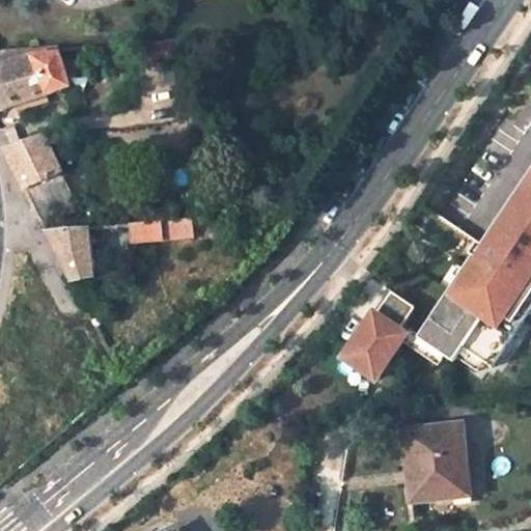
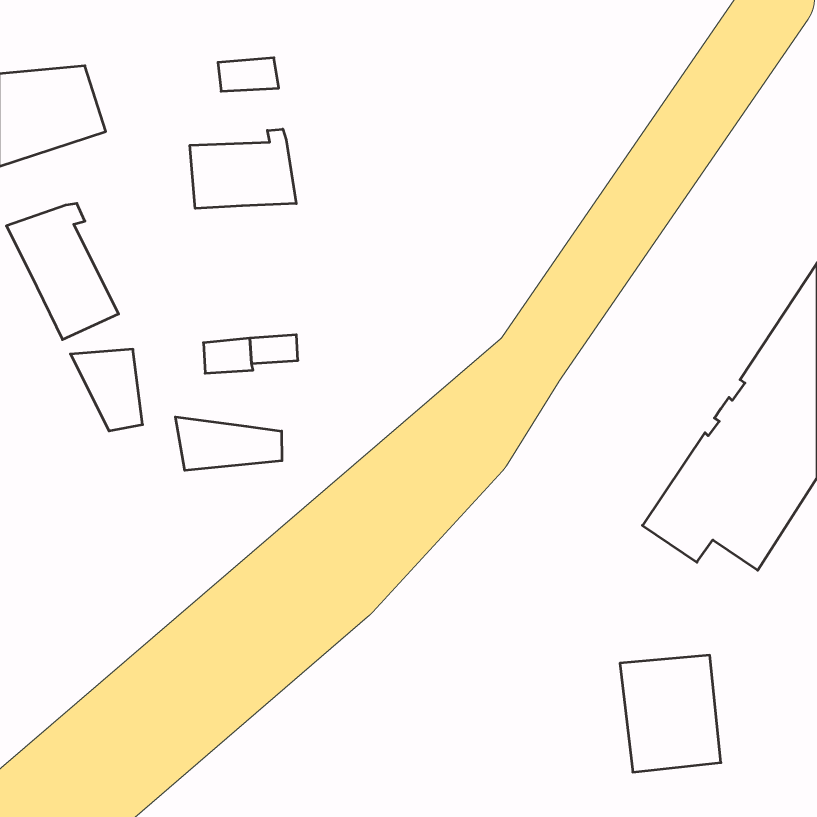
building: none -> [190,129,296,208]
building: none -> [175,417,282,470]
building: [341,295,410,383] -> none

